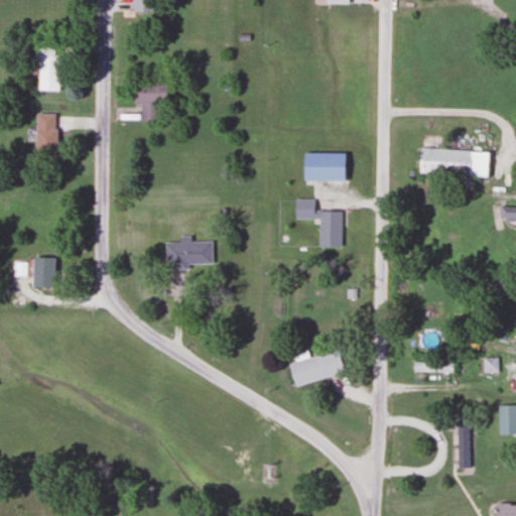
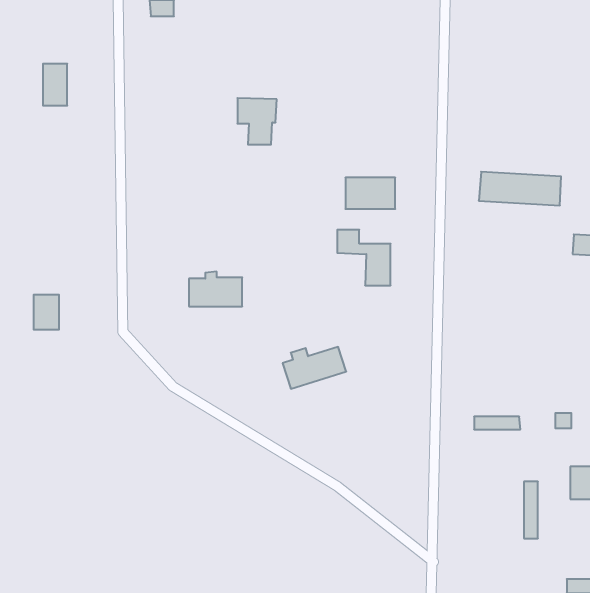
building: [132,83,166,123] -> [237,98,277,145]
building: [35,113,56,158] -> none
building: [288,351,344,387] -> [283,347,346,389]

